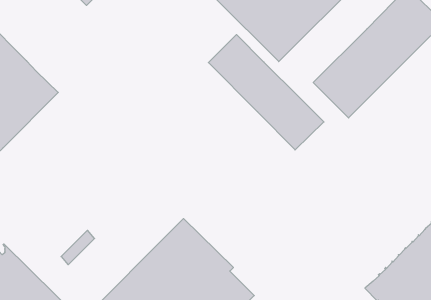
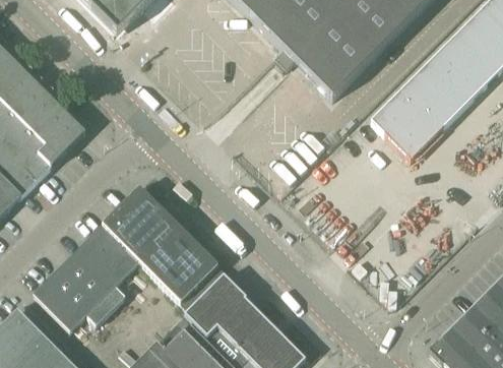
building: [208,35,324,150] -> none
building: none -> [33,187,225,330]

